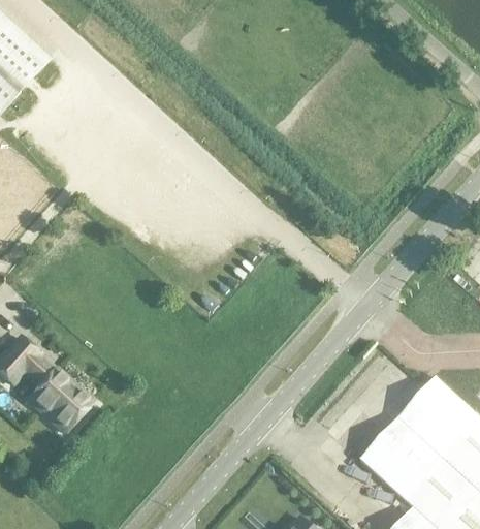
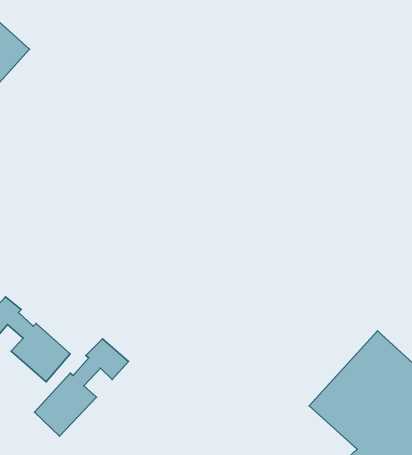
building: none -> [34,339,129,436]

